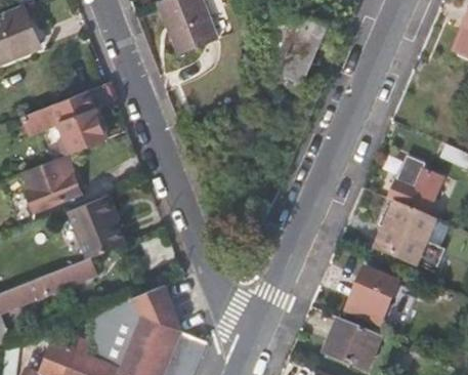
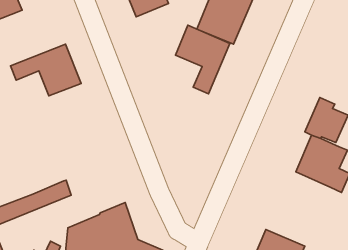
building: none -> [175,25,230,94]
building: [24,155,80,208] -> none
building: [69,194,128,257] -> none
building: [345,267,399,327] -> none

